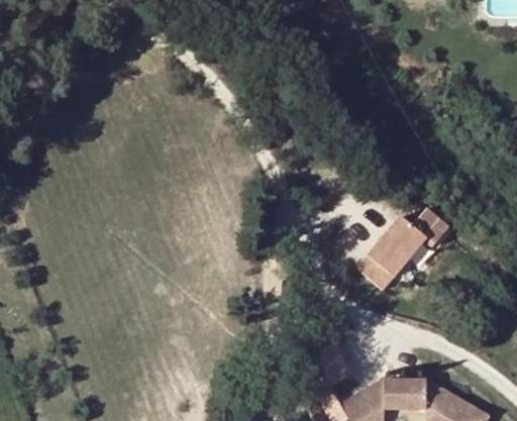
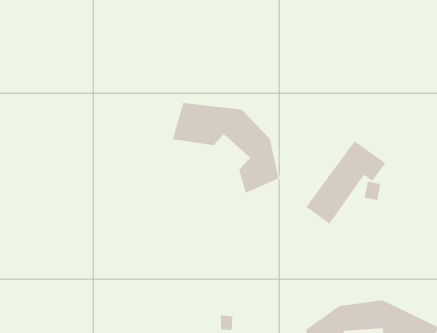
building: none -> [172,102,279,194]

